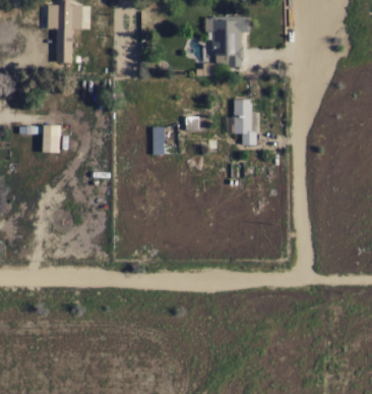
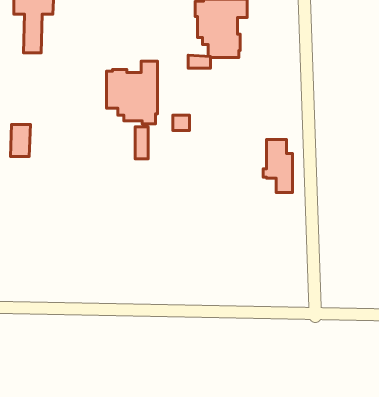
building: none -> [106,61,158,124]
building: [232,99,257,145] -> [263,139,292,192]

